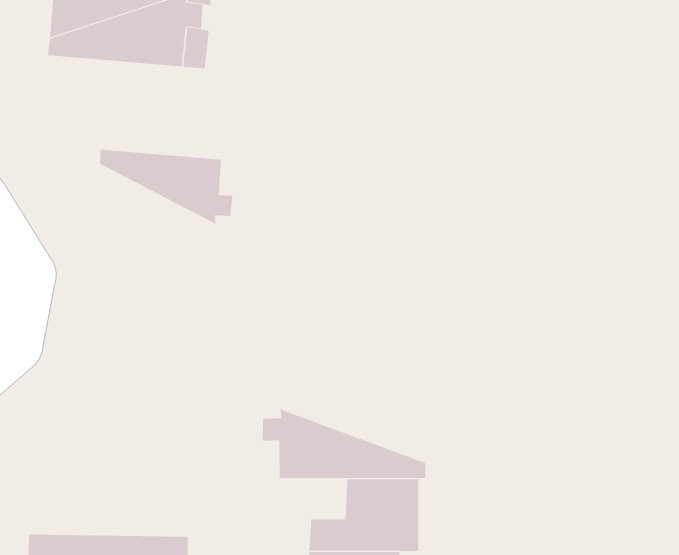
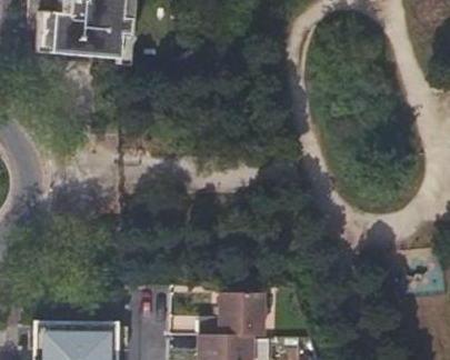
building: [99,149,233,225] -> none
building: [262,409,426,479] -> none

